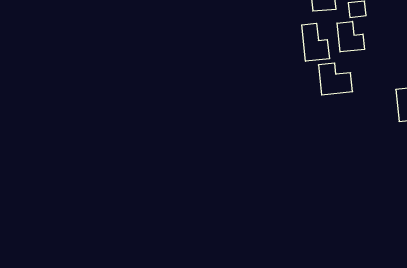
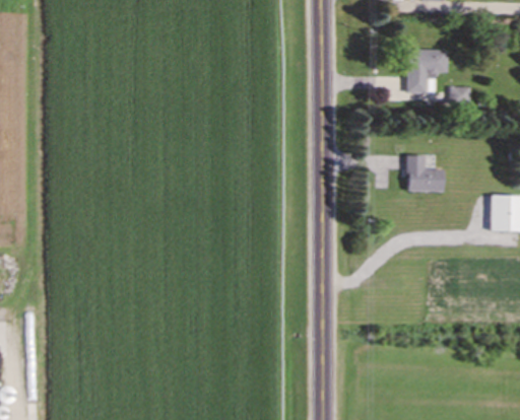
building: [337,21,365,52] -> none
building: [302,23,329,61] -> none

